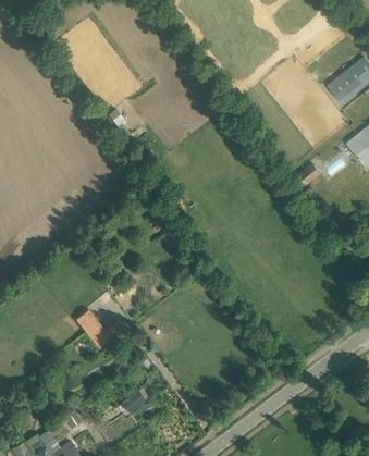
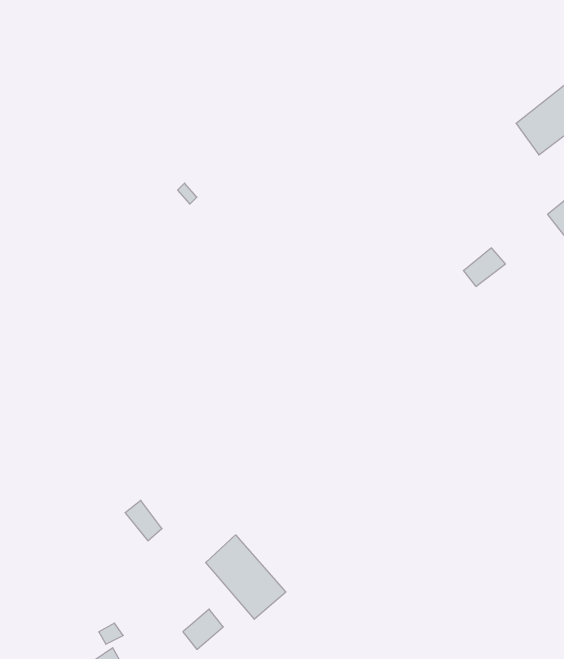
building: none -> [206,535,286,619]

